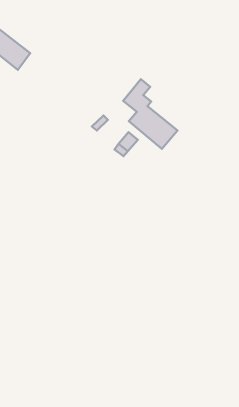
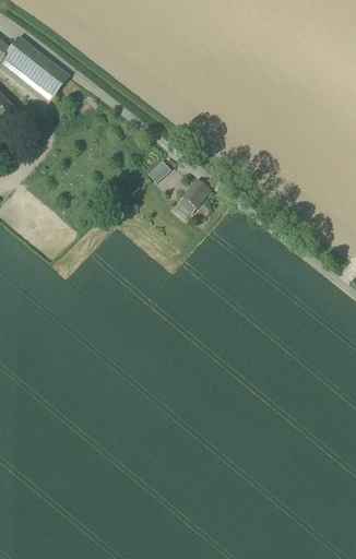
building: [123,79,177,149] -> none

